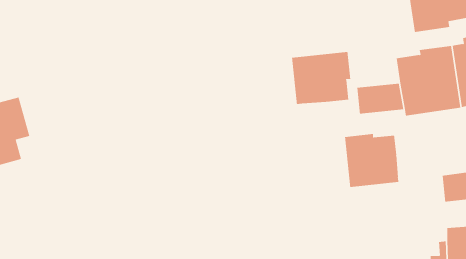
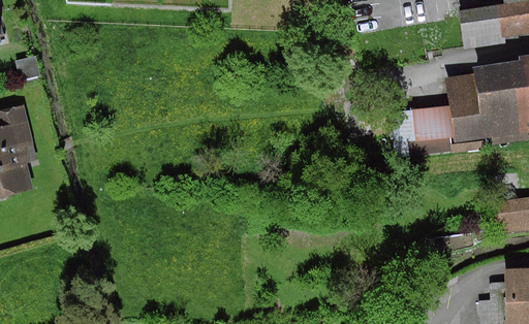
building: [292,51,351,105] -> none
building: [345,133,399,188] -> none

